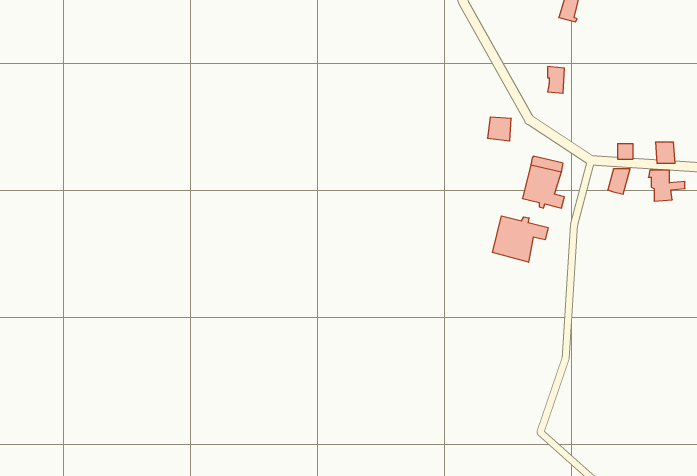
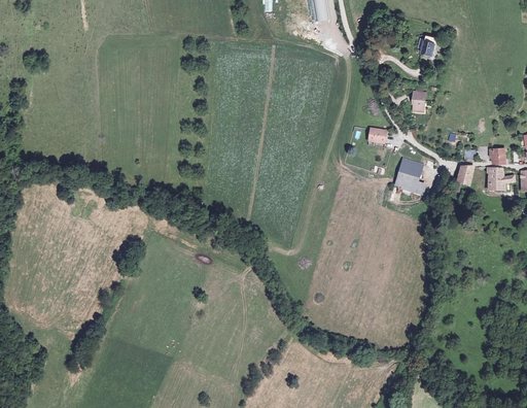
building: [492,216,548,262] -> none

